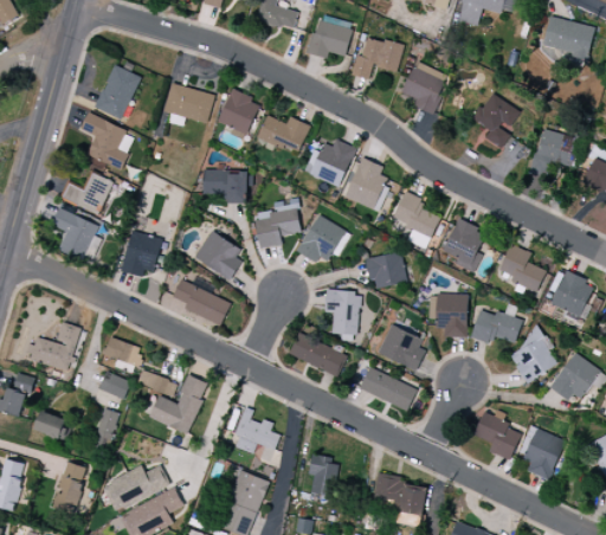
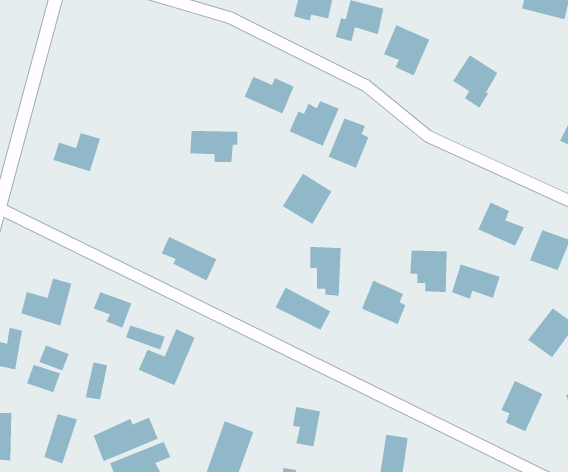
building: [95,64,141,120] -> none
building: [165,84,214,122] -> none
building: [218,90,262,134] -> none
building: [80,112,136,169] -> none
building: [533,129,576,176] -> none
building: [393,192,439,249] -> none
building: [254,199,302,247] -> none
building: [52,208,98,259] -> none
building: [444,219,486,272] -> none
building: [122,231,162,277] -> none
building: [195,231,245,278] -> none
building: [365,251,407,289] -> none
building: [510,327,556,382] -> none
building: [360,369,417,408] -> none
building: [98,372,130,399] -> [39,345,70,371]
building: [236,407,279,463] -> none
building: [473,412,522,460] -> none
building: [375,473,399,503] -> none

